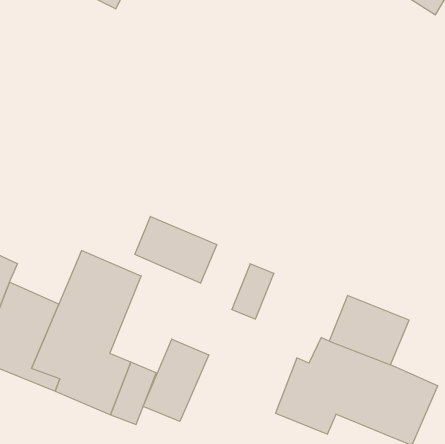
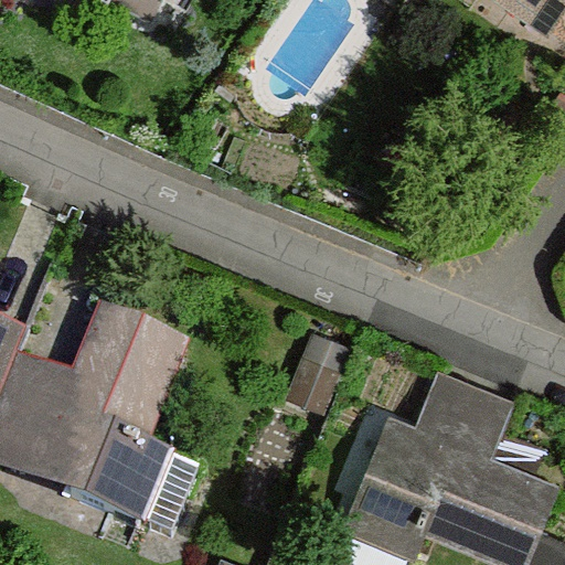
building: [135,216,217,283] -> none
building: [143,339,209,421] -> none

